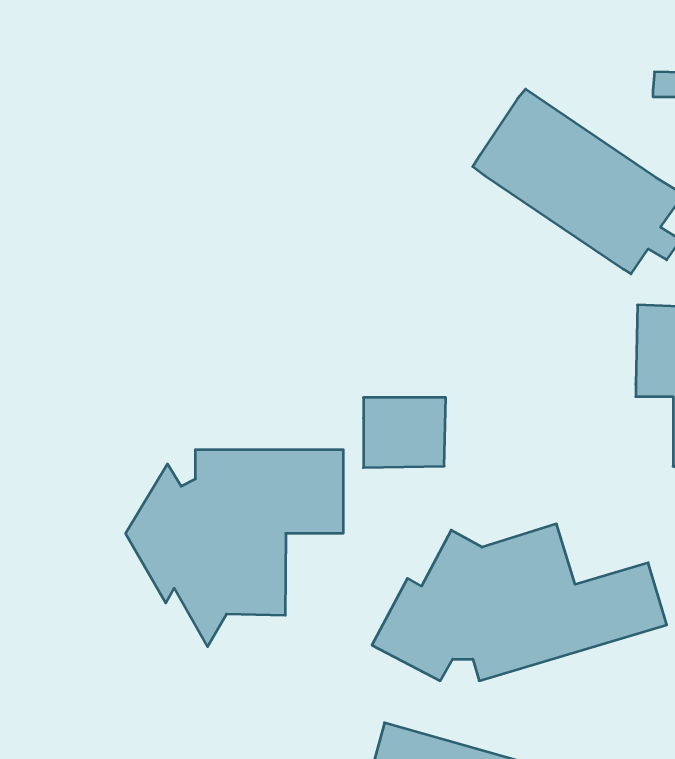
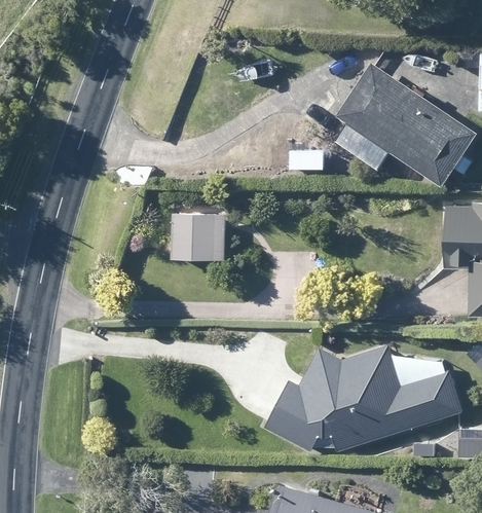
building: [363,398,446,468] -> [171,213,225,259]
building: [126,450,343,647] -> none

